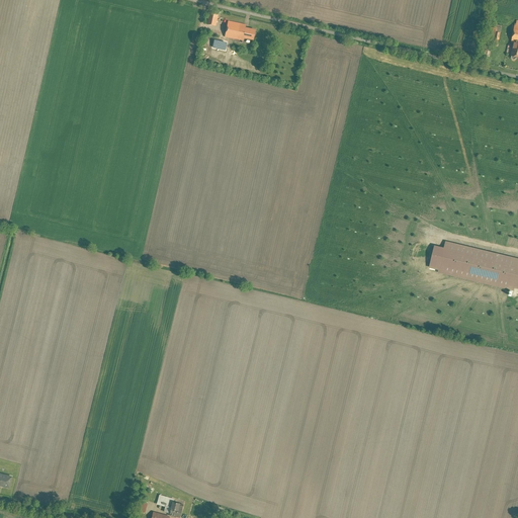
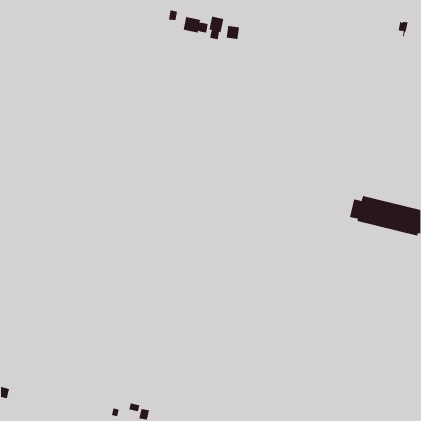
building: none -> [209,16,224,40]

